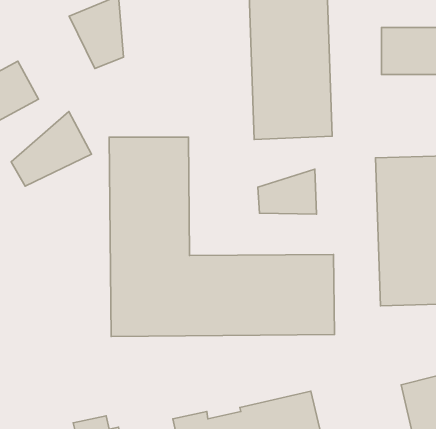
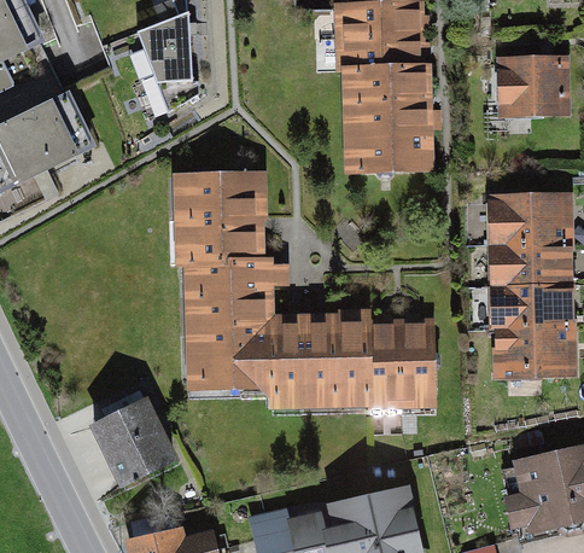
building: [11,112,92,186] -> none
building: [258,169,316,214] -> none
building: none -> [88,389,180,483]

